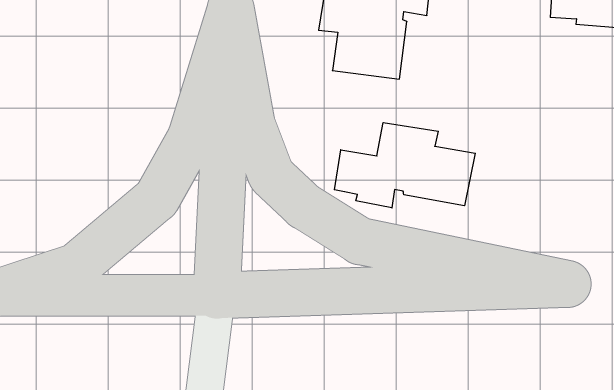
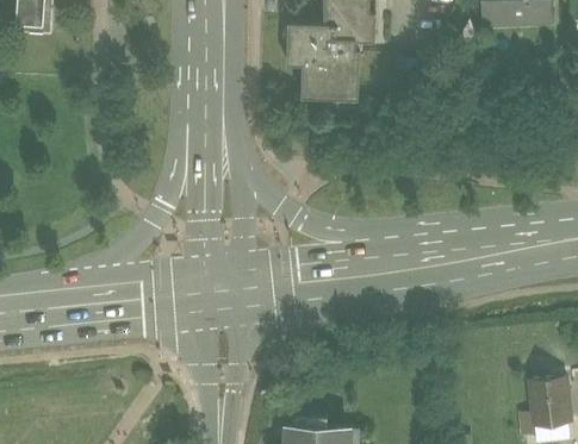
building: [334,123,475,208] -> none

